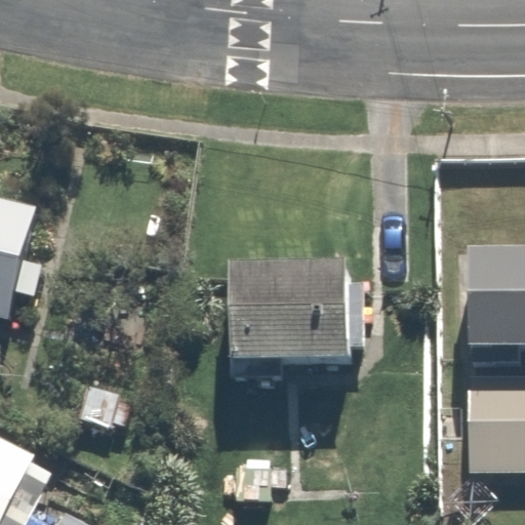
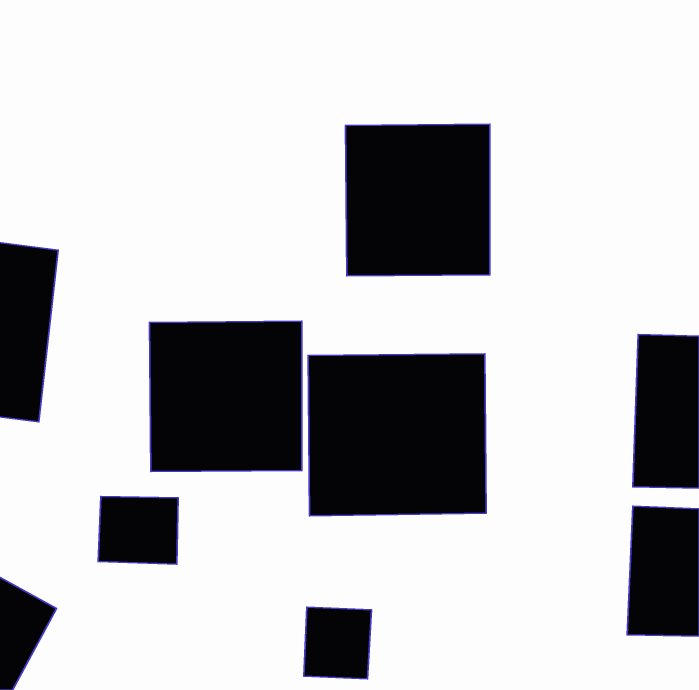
building: none -> [345,124,490,276]
building: none -> [150,321,302,472]

